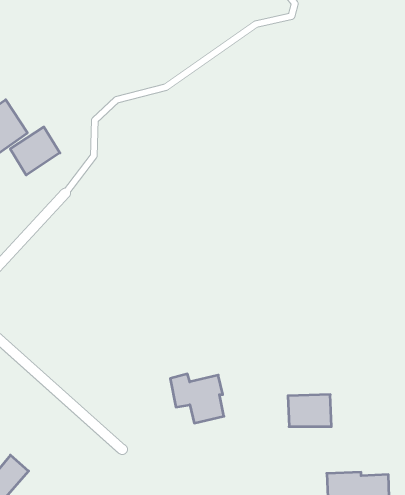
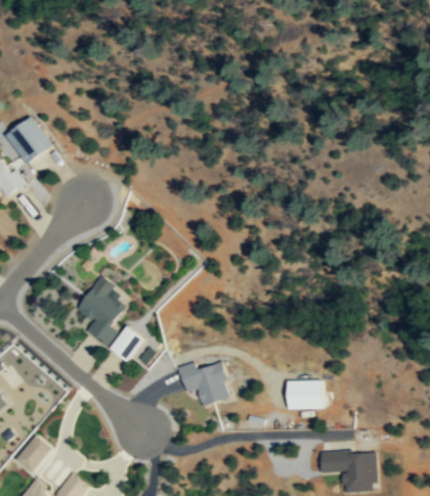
building: [10,127,60,175] -> none
building: none -> [77,276,125,347]
building: none -> [111,325,144,362]

